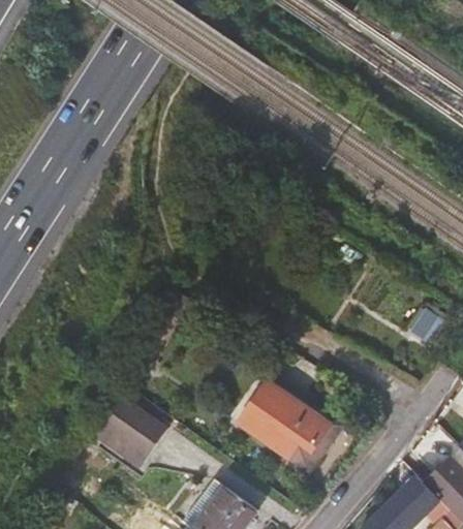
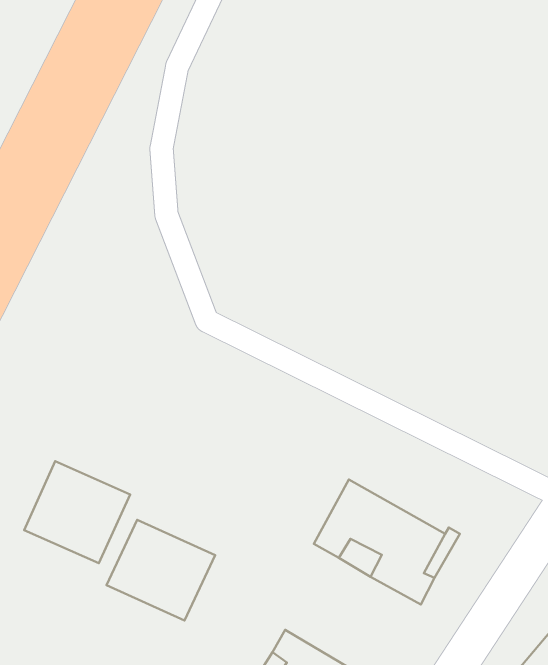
building: none -> [24,461,130,563]

